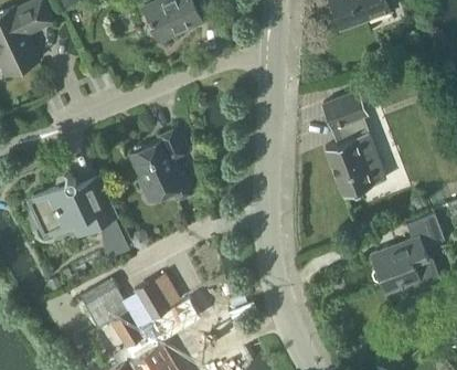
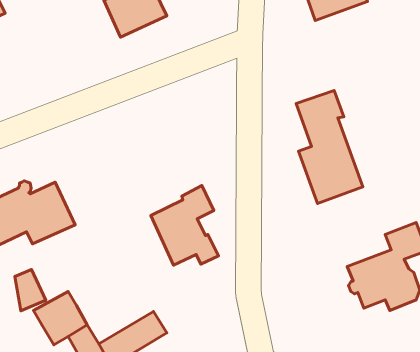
building: [129,127,192,201] -> [151,186,219,265]
building: [100,220,129,258] -> [15,269,46,311]
building: [134,274,180,318] -> none

